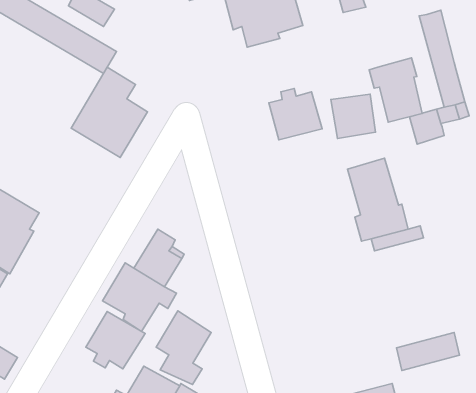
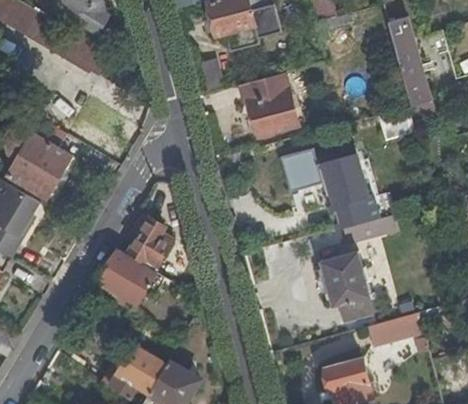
building: [369,58,422,122] -> none
building: [71,67,148,157] -> [6,119,76,202]
building: [331,94,375,139] -> [281,147,322,188]
building: none -> [318,251,368,320]
building: [156,311,211,384] -> none
building: [86,311,145,369] -> none

